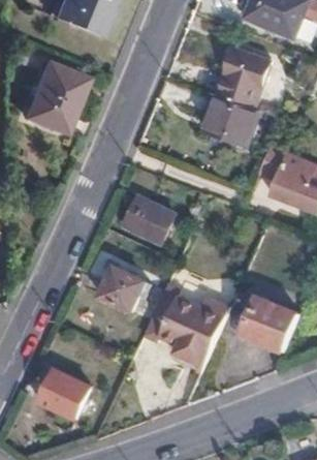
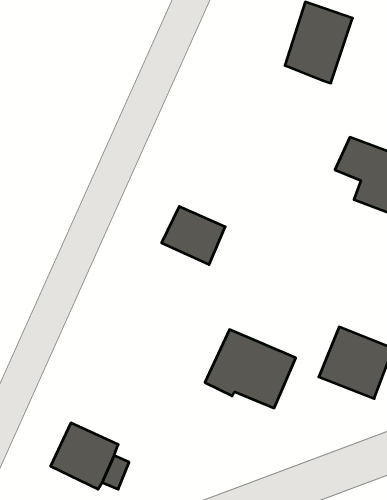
building: [23,65,83,134] -> none
building: [214,96,271,151] -> none
building: [98,266,144,309] -> none

